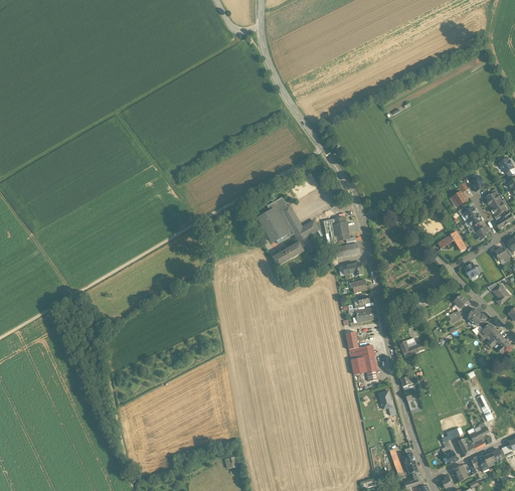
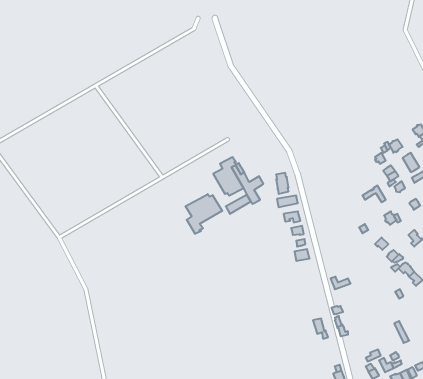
building: none -> [186,194,222,234]
building: [344,331,377,380] -> none

